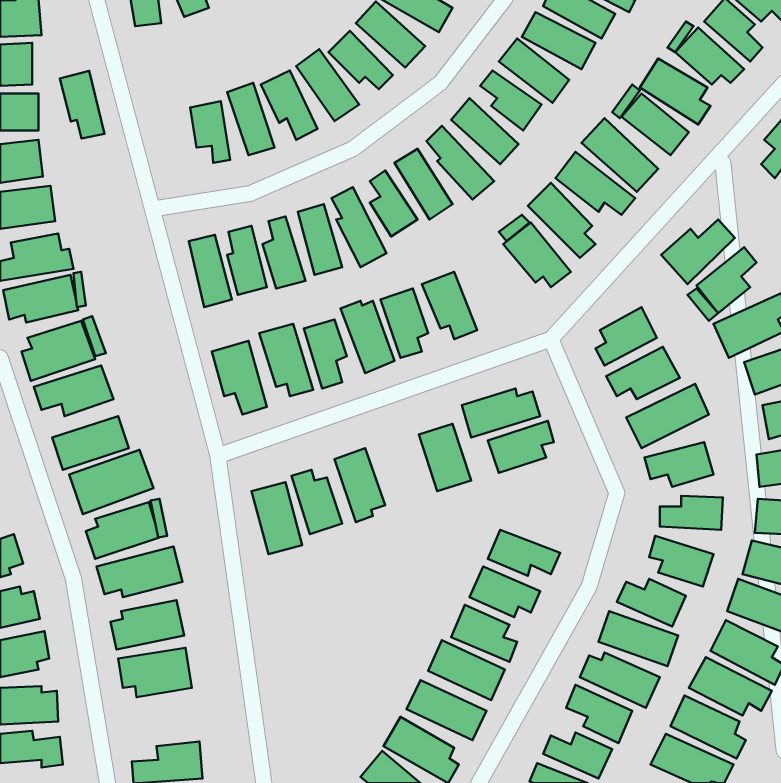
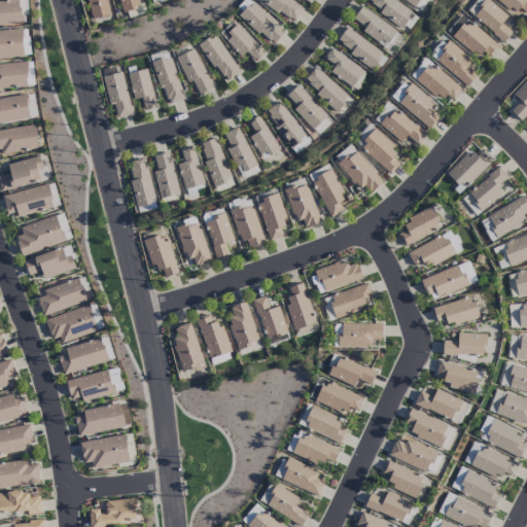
building: [60,71,104,138] -> [104,71,134,116]
building: none -> [309,163,347,217]
building: none -> [253,294,289,339]
building: none -> [341,322,384,347]

